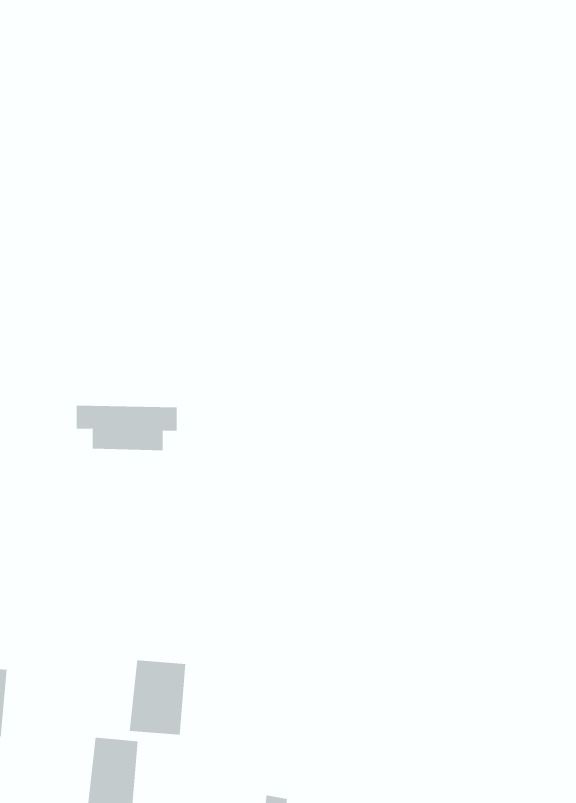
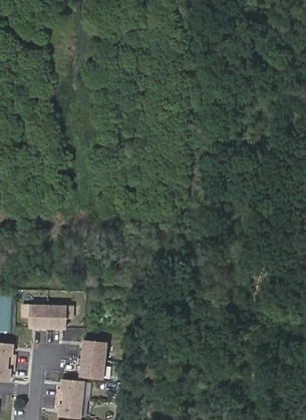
building: [76,405,177,451] -> [22,306,73,329]

